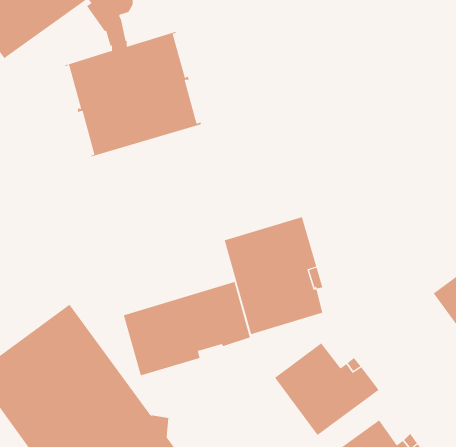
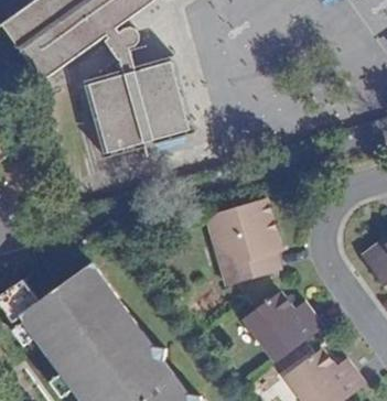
building: [123,281,251,376] -> none

